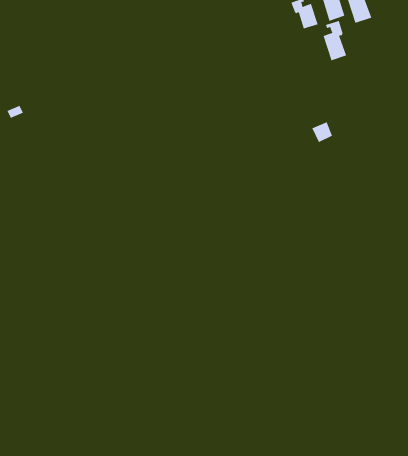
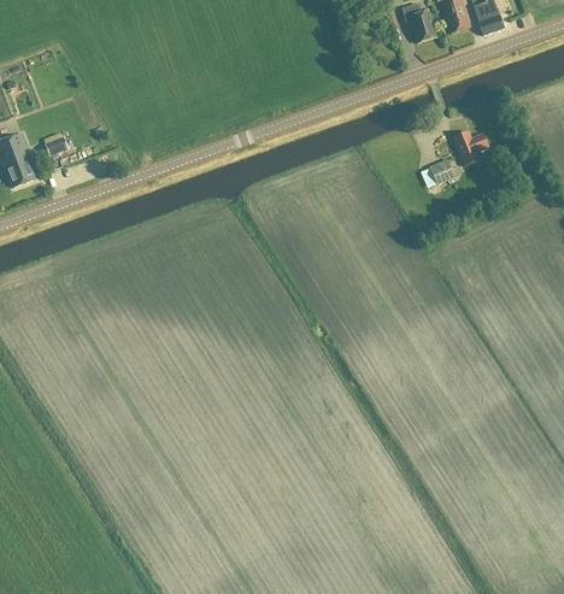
building: [323,20,347,61] -> none
building: none -> [452,130,487,165]

